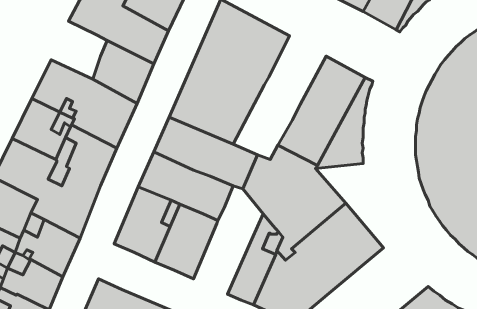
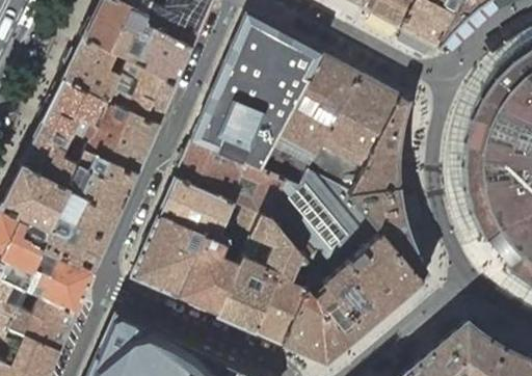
building: none -> [64,38,125,101]
building: none -> [260,54,360,187]
building: none -> [348,191,428,281]
building: none -> [217,215,292,331]

